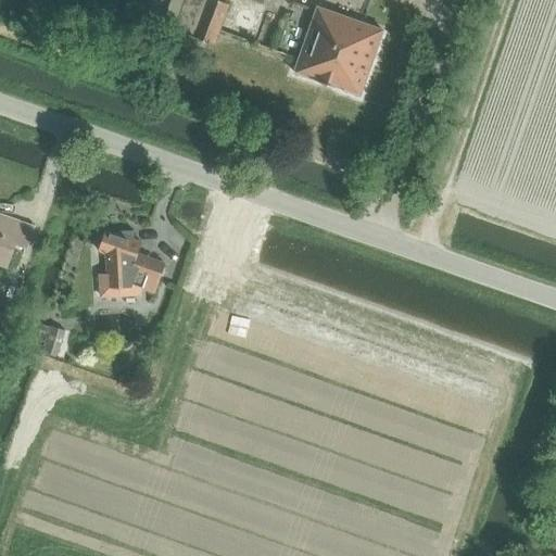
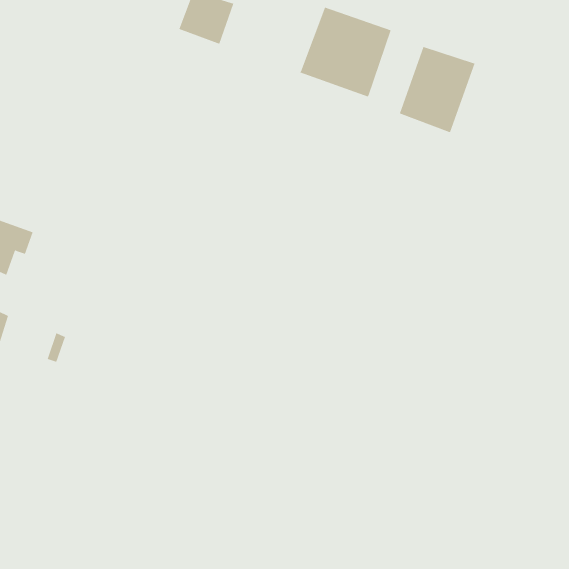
building: none -> [399,46,475,133]
building: [98,229,164,295] -> none

